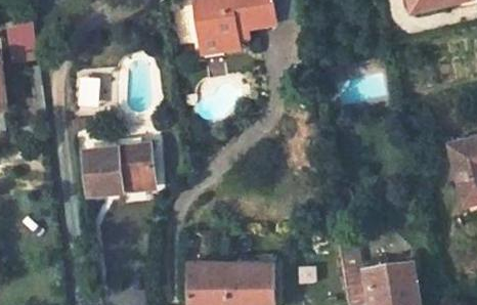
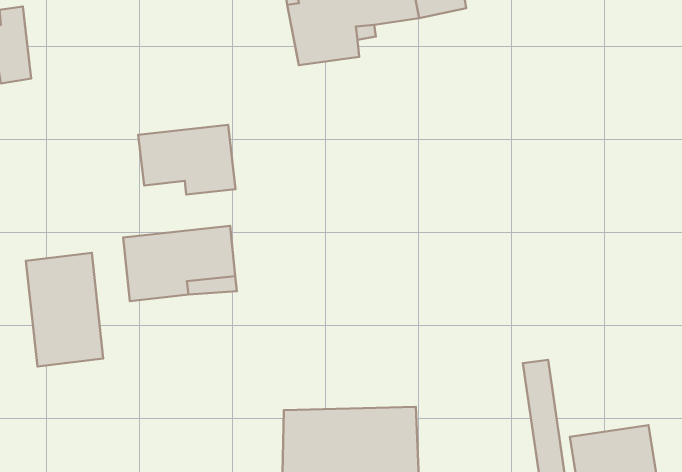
building: none -> [138,125,236,194]
building: none -> [26,253,103,366]

